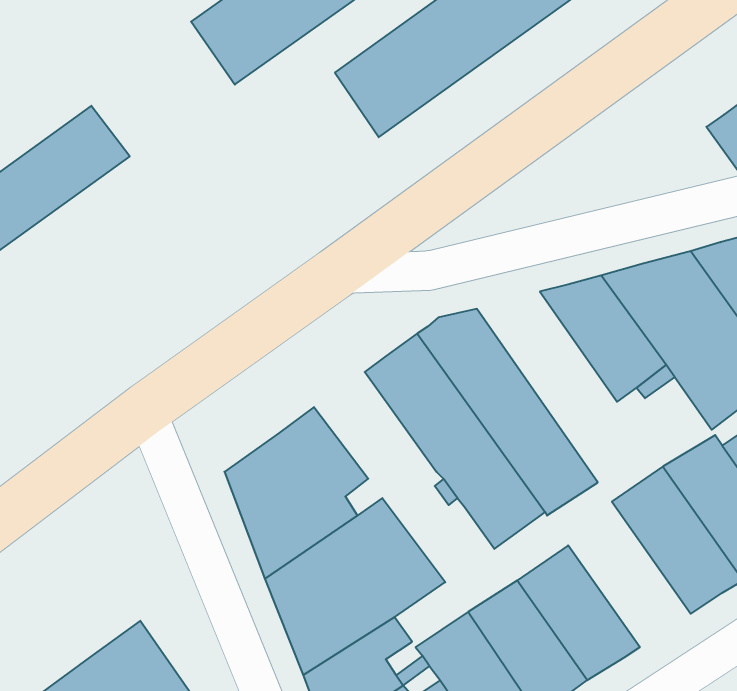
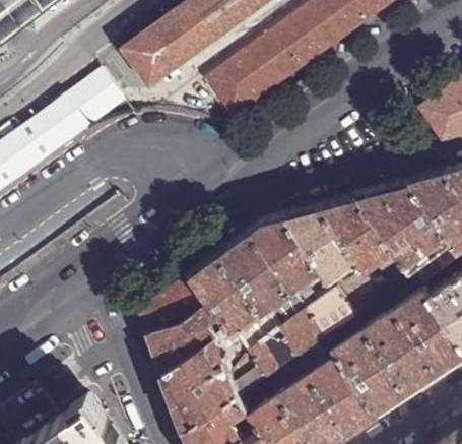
building: none -> [64,72,121,127]
building: none -> [287,205,388,316]
building: none -> [193,252,298,374]
building: none -> [335,327,411,411]

